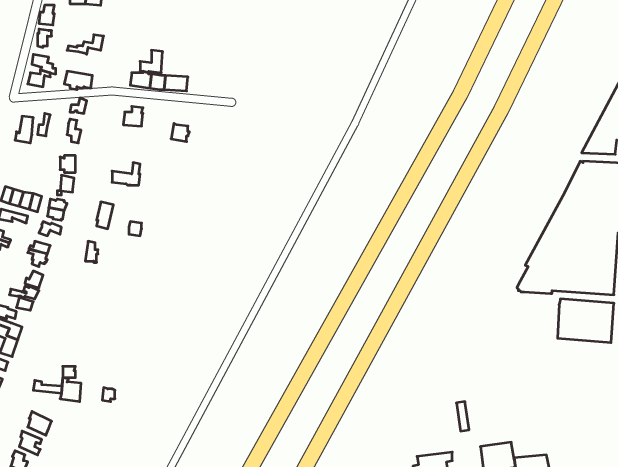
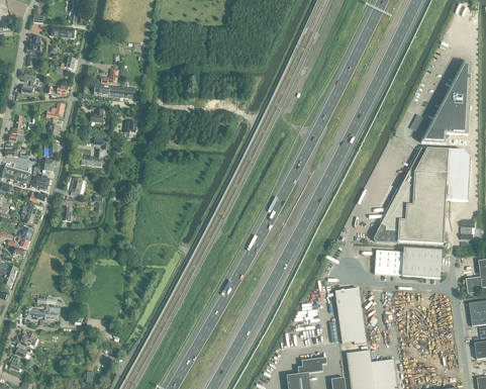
building: none -> [375,250,403,275]
building: none -> [334,287,366,343]

